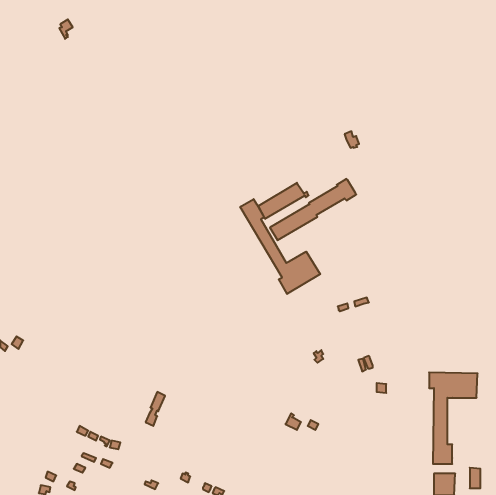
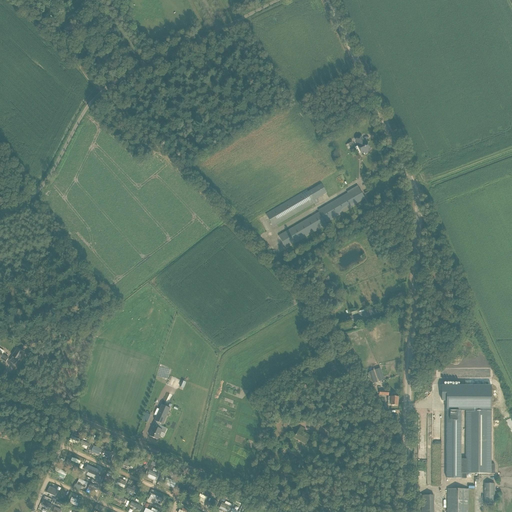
building: [240,199,320,294] -> none
building: none -> [466,409,495,472]

